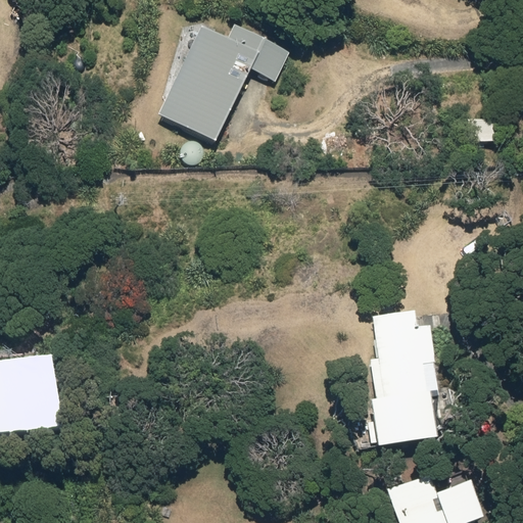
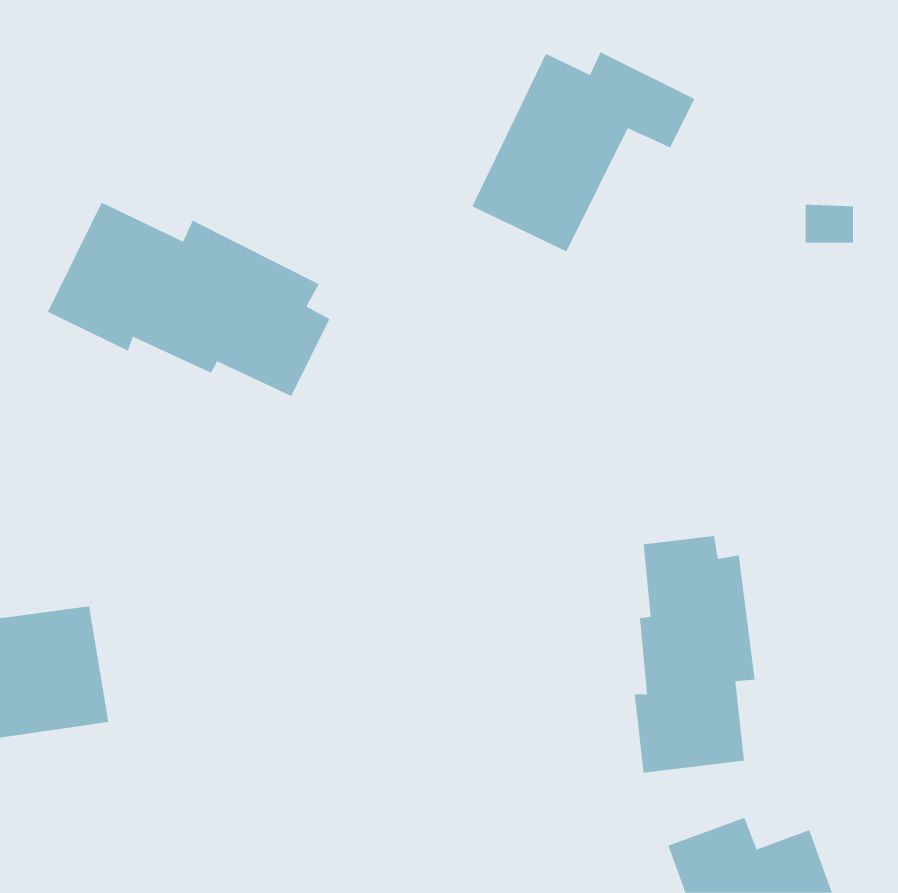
building: [158,23,288,140] -> [472,51,695,252]
building: none -> [47,202,330,397]

